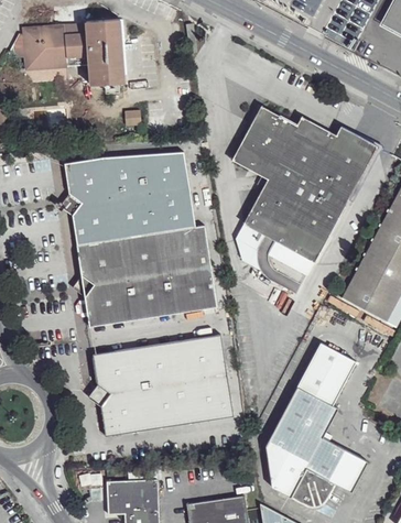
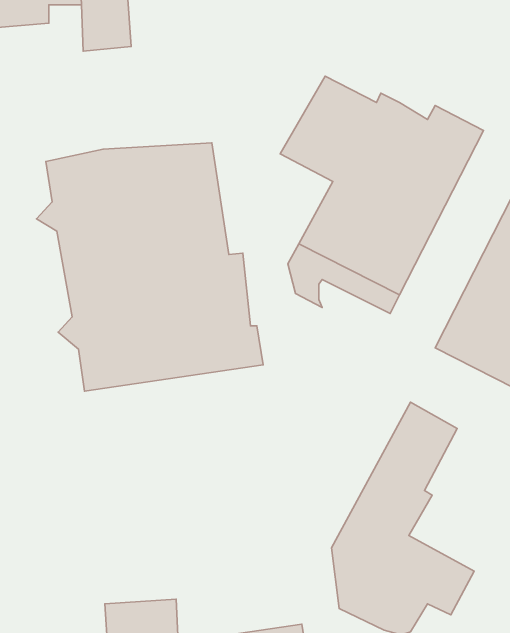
building: [88,329,232,434] -> none

